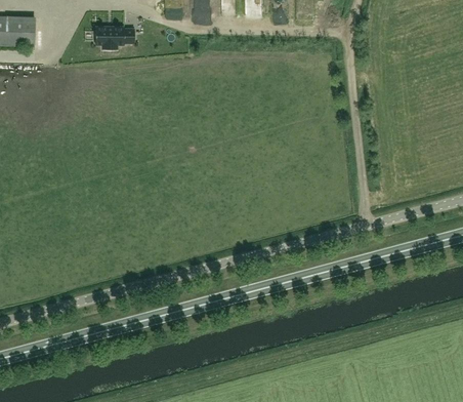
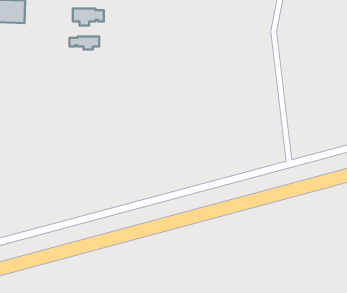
building: none -> [70,36,99,50]

